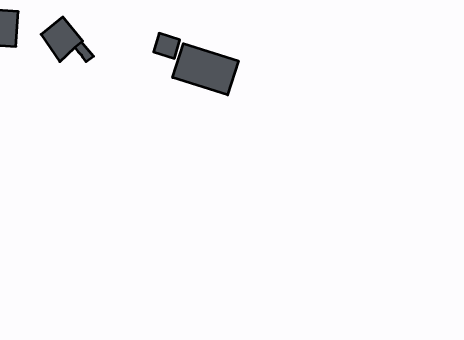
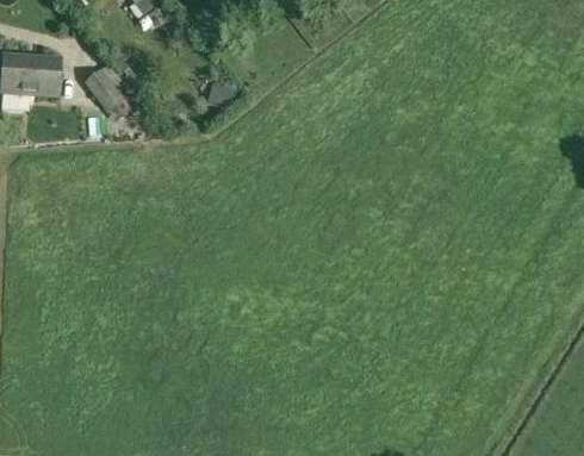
building: [173,44,238,95] -> none

